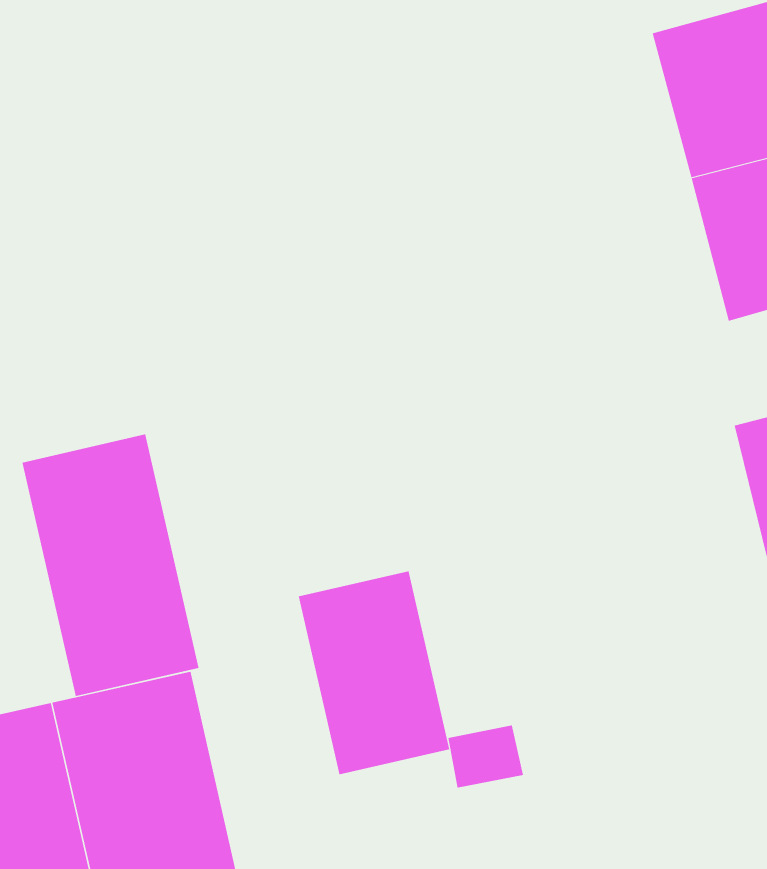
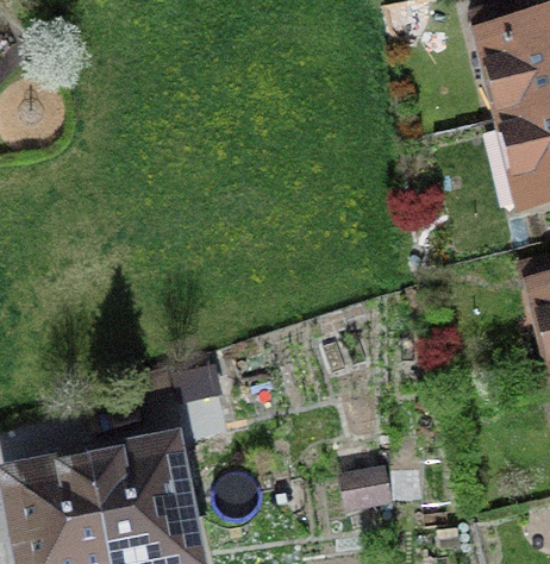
building: [22,434,199,697] -> none
building: [298,571,450,775] -> none

